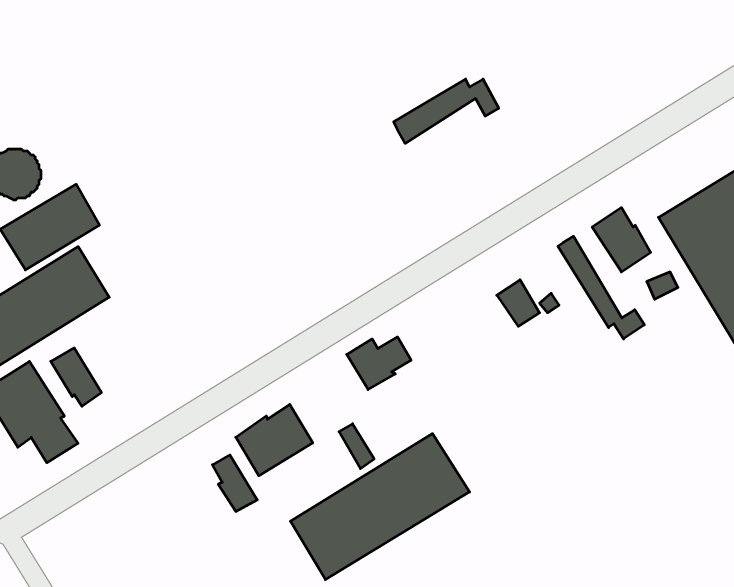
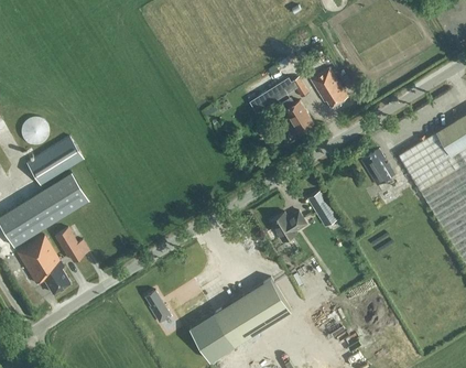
building: none -> [311,67,347,106]
building: none -> [280,96,314,132]
building: [558,236,644,339] -> none
building: [347,337,411,390] -> [270,210,306,240]
building: [236,404,313,476] -> none

